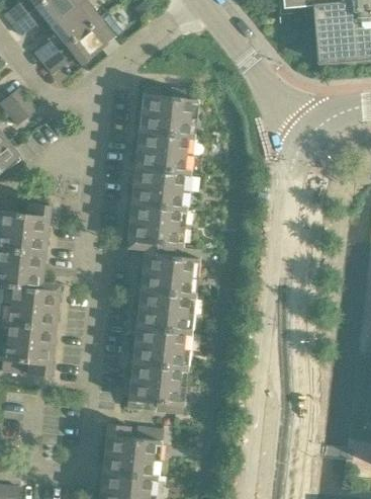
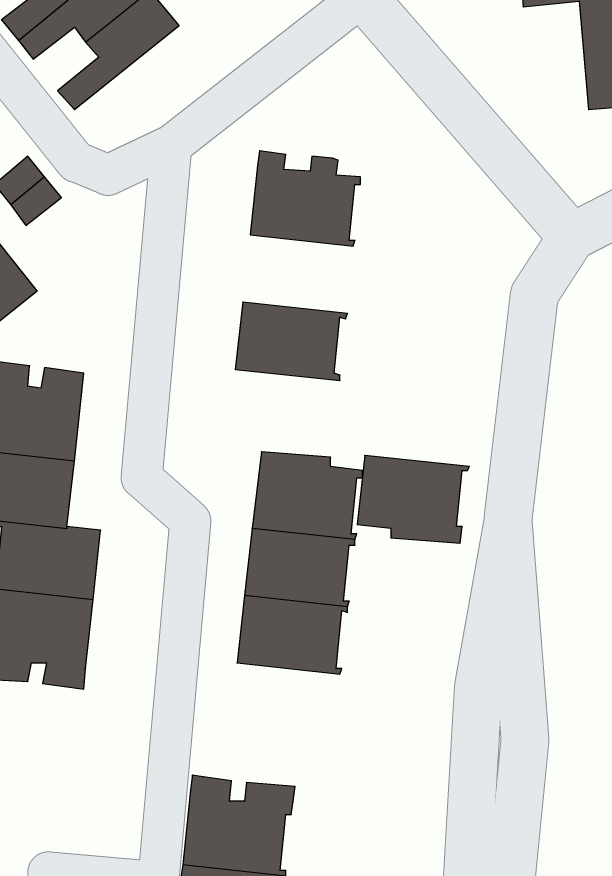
building: [42,13,120,75] -> none
building: [133,132,193,174] -> none
building: [125,204,186,252] -> [357,455,469,543]
building: [125,363,186,414] -> none

